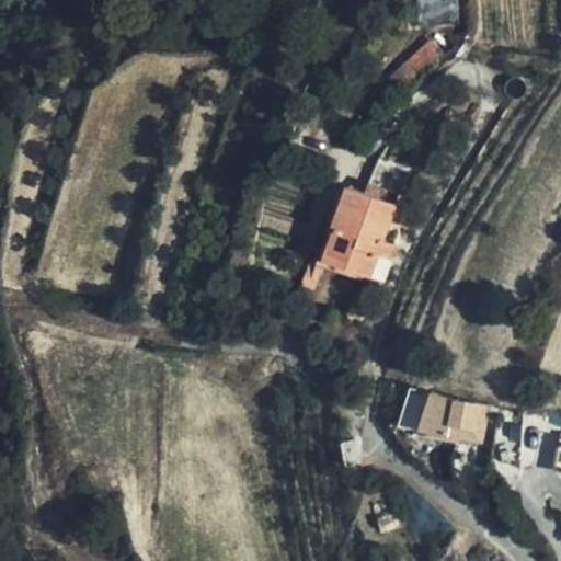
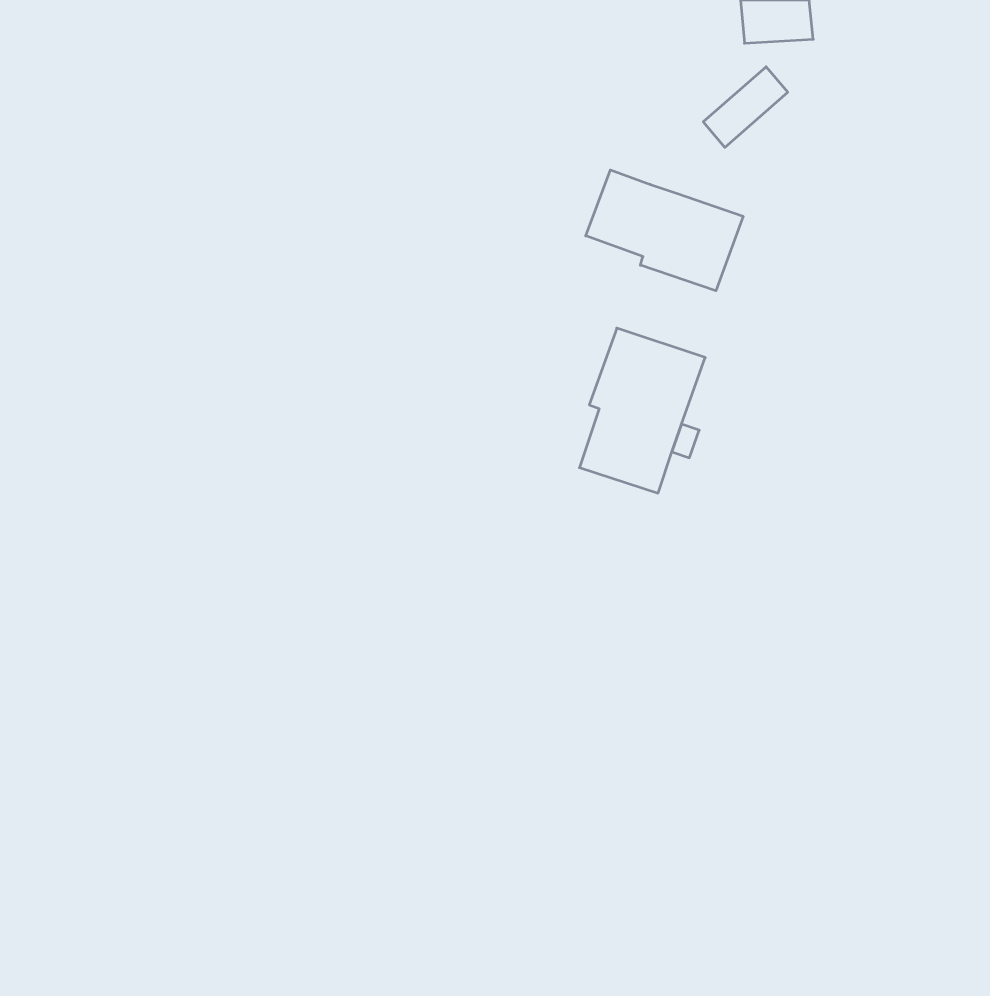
building: none -> [586,170,743,291]
building: [416,394,482,436] -> none

